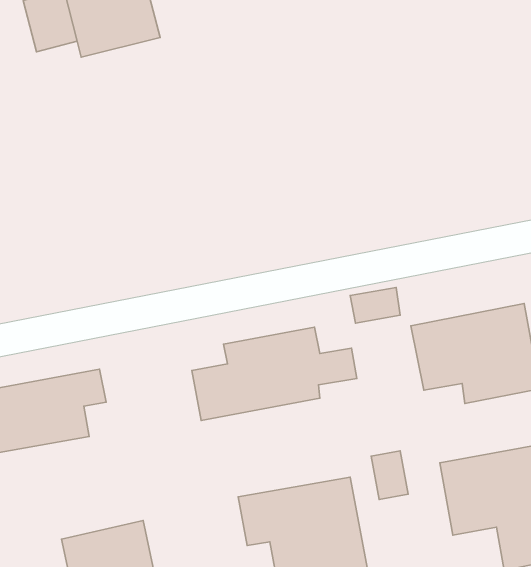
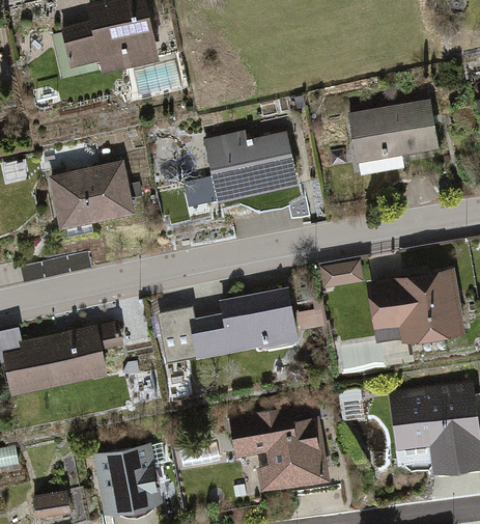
building: none -> [336,92,430,158]
building: none -> [192,130,300,204]
building: none -> [47,160,138,239]
building: none -> [156,311,199,367]

